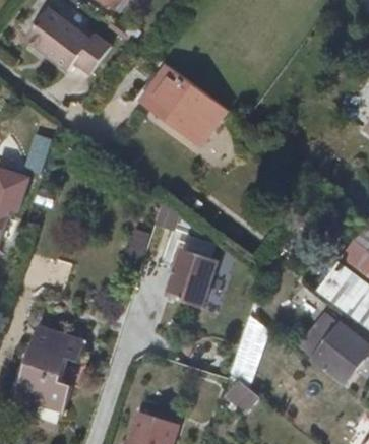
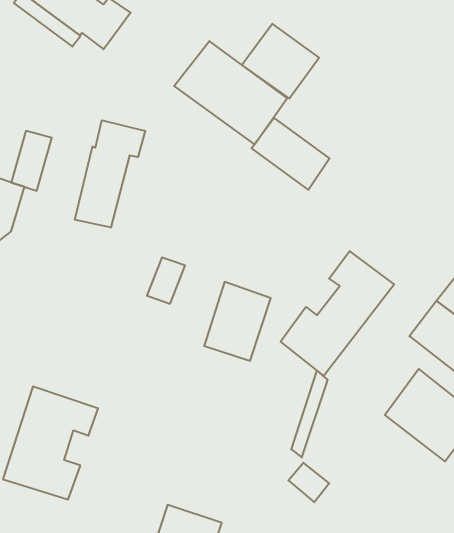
building: none -> [242,24,319,99]
building: none -> [252,118,330,190]
building: none -> [75,120,145,228]
building: none -> [281,251,394,376]

